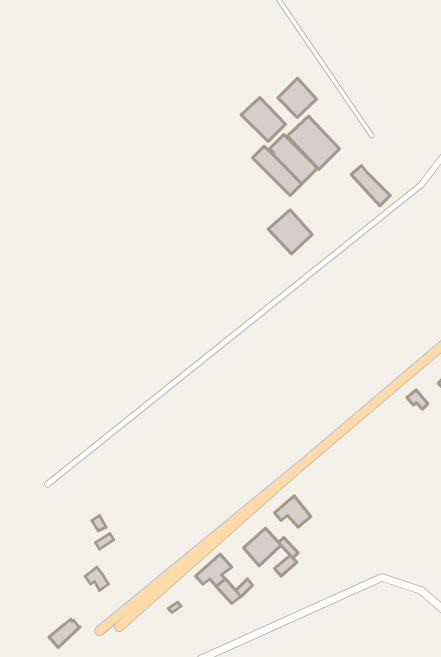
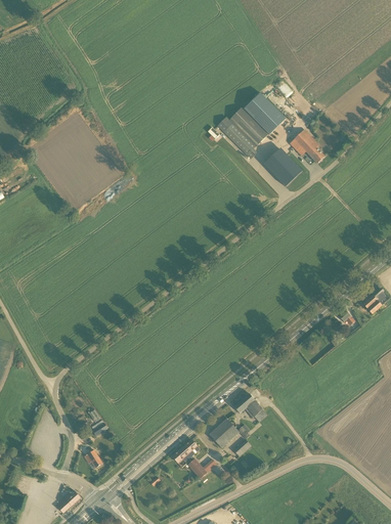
building: [278,78,317,118] -> none
building: [241,98,286,141] -> none
building: [268,210,312,254] -> [266,150,301,185]

